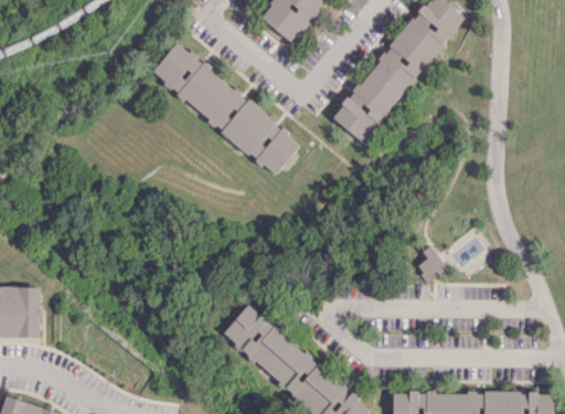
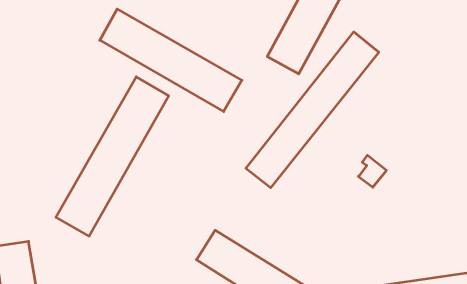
building: none -> [246,32,379,188]
building: none -> [56,77,169,236]

